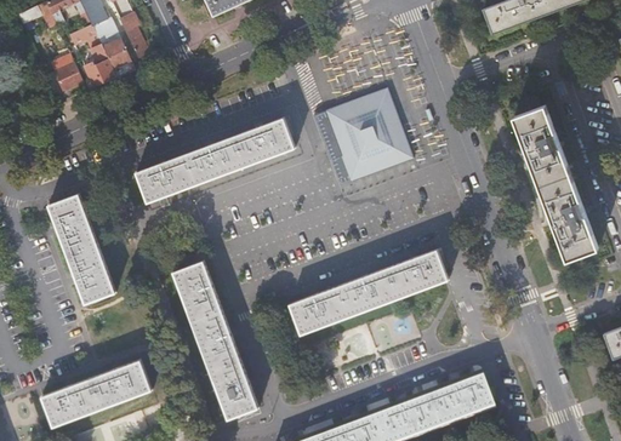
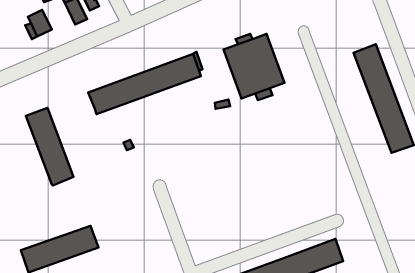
building: [82,58,115,86] -> none
building: [289,251,446,333] -> none
building: [171,259,257,419] -> none

